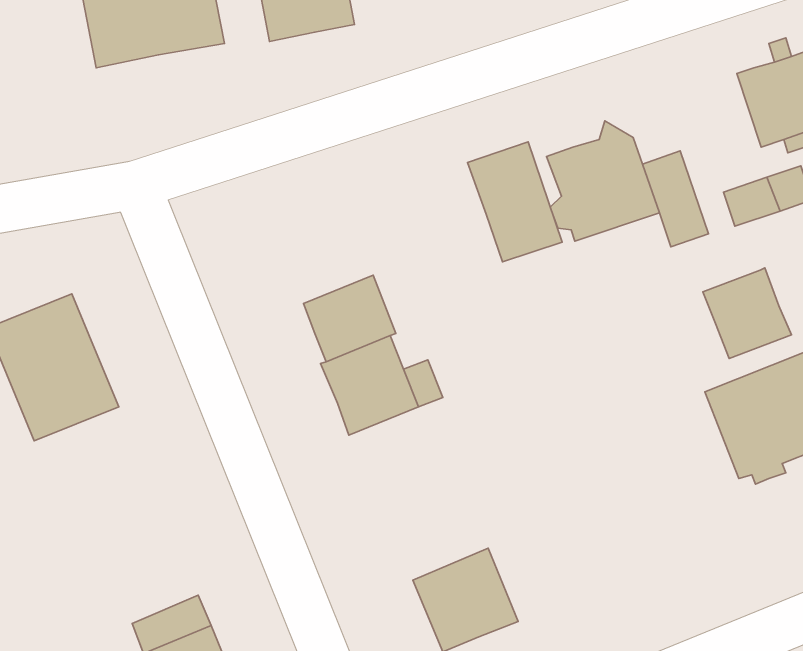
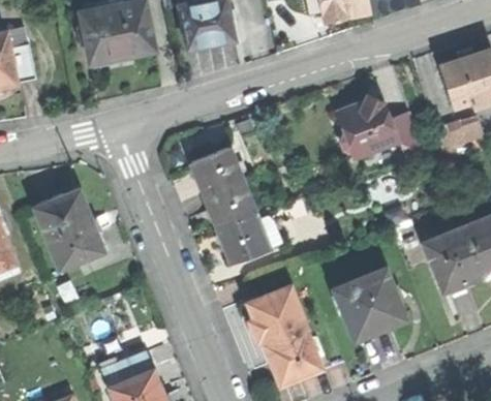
building: [468,142,562,262] -> none
building: none -> [190,146,242,193]
building: [703,268,791,359] -> none
building: none -> [334,270,403,339]
building: none -> [252,286,305,345]

